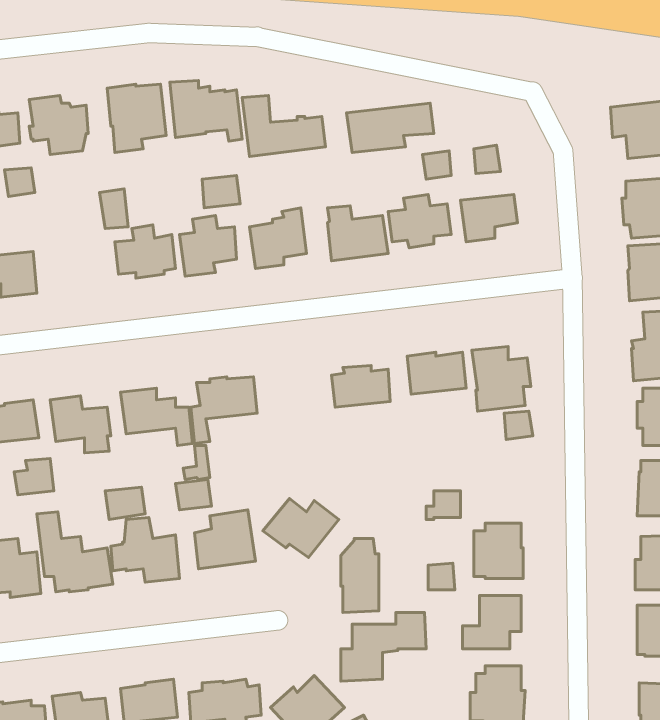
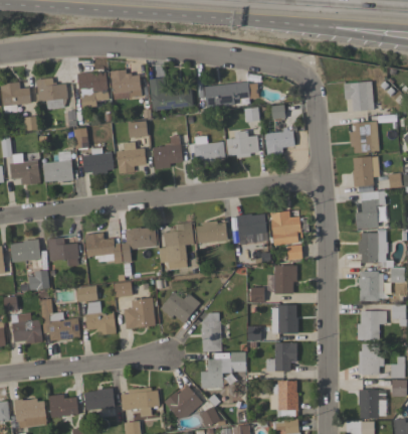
building: none -> [42,150,73,181]
building: none -> [159,222,194,269]
building: none -> [274,265,296,293]

